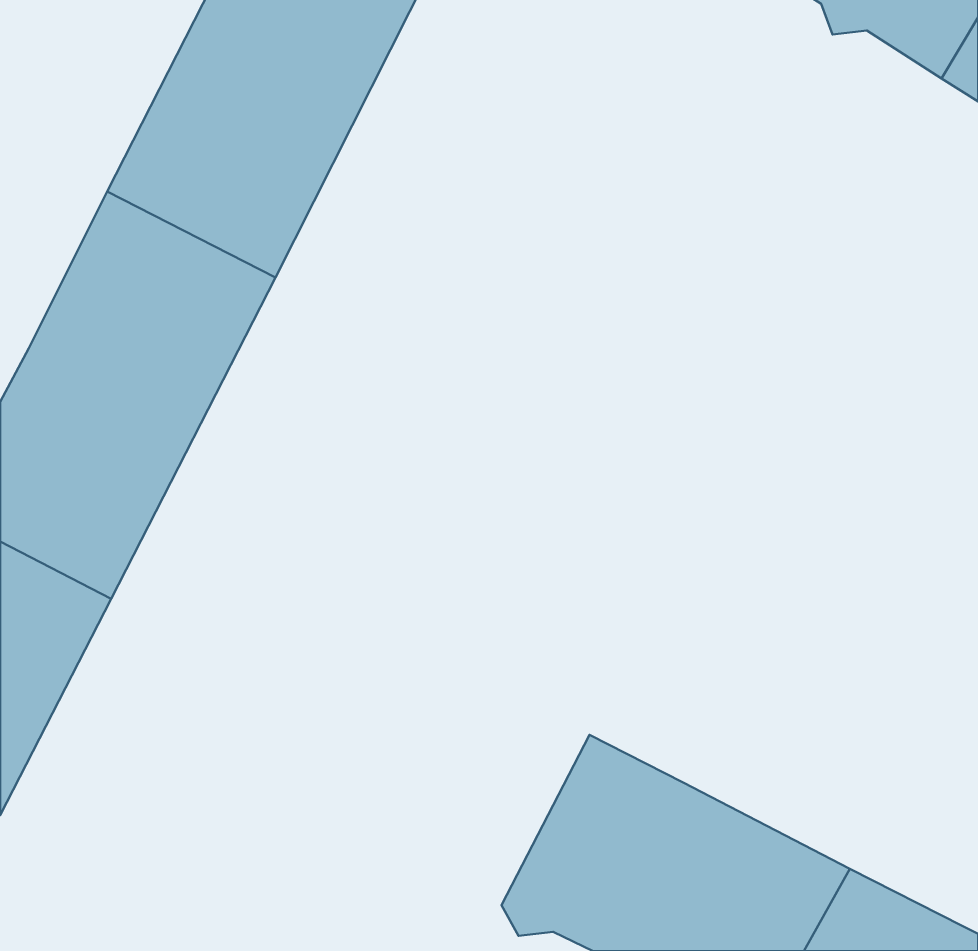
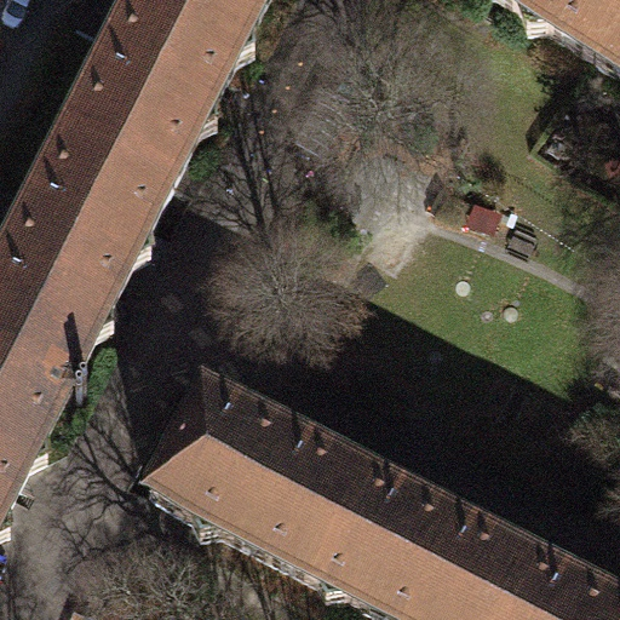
building: none -> [150,379,373,573]

